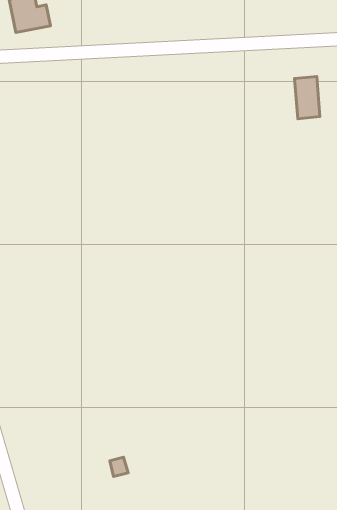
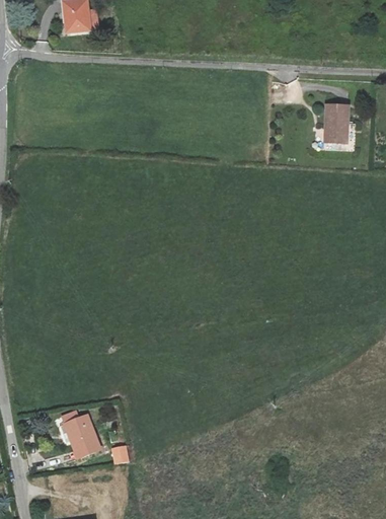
building: none -> [60,411,99,456]

